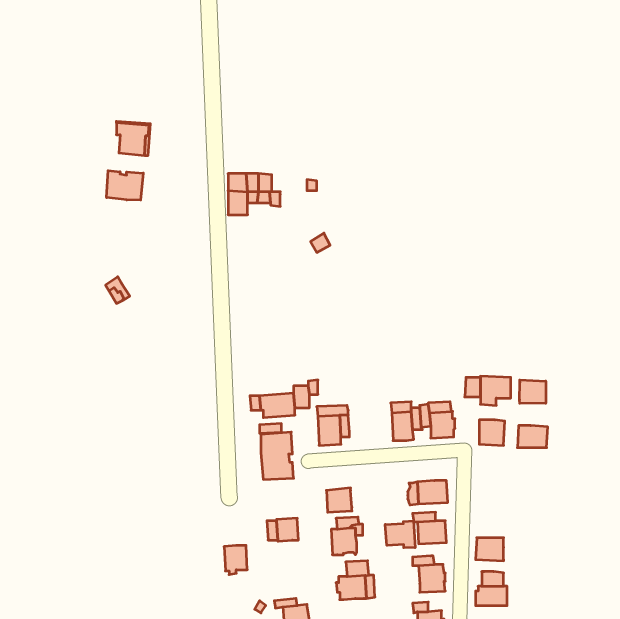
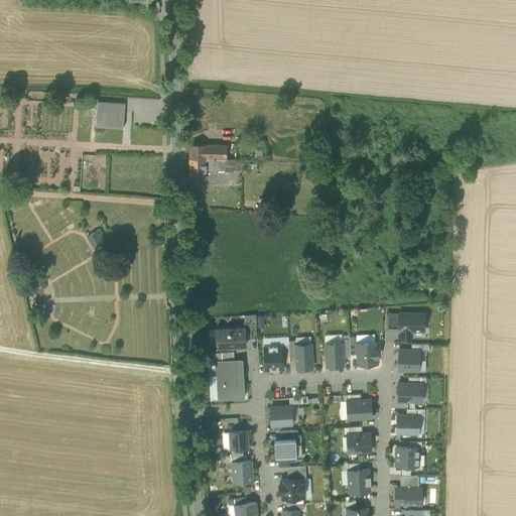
building: [107,171,143,200] -> none
building: [520,380,546,403] -> none
building: none -> [295,344,312,369]
building: [517,426,548,448] -> [397,383,422,401]
building: none -> [396,415,418,434]
building: [385,521,415,548] -> none
building: [224,545,247,575] -> [233,462,252,486]

